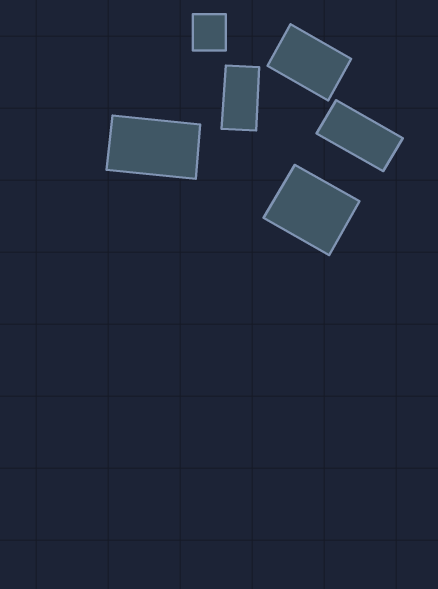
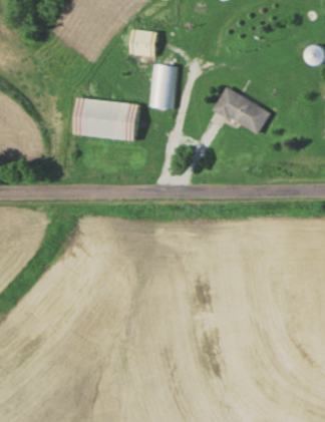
building: [268,24,351,100] -> none
building: [264,165,359,255] -> none

